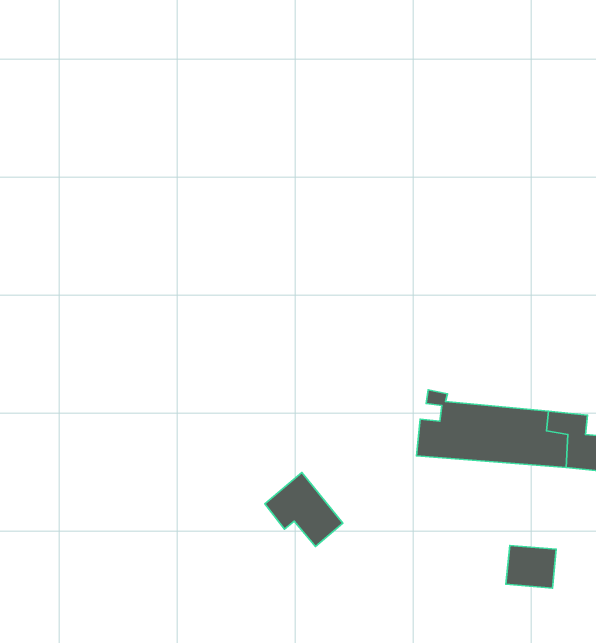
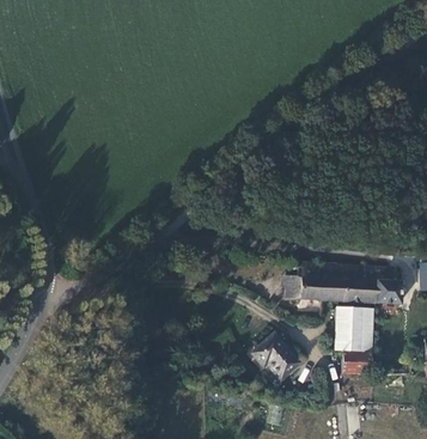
building: [265,473,343,546] -> [254,331,301,377]
building: none -> [333,309,374,352]

